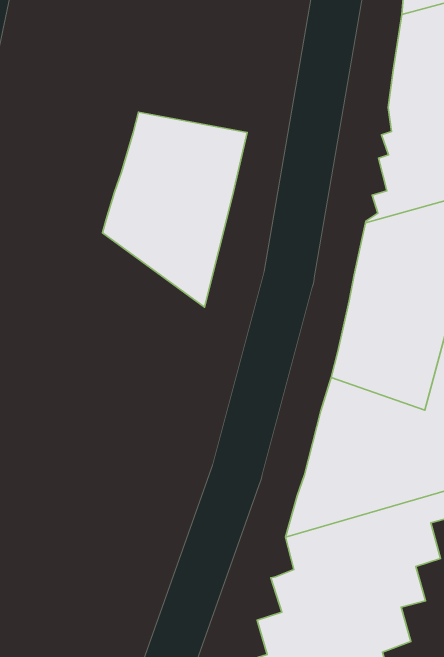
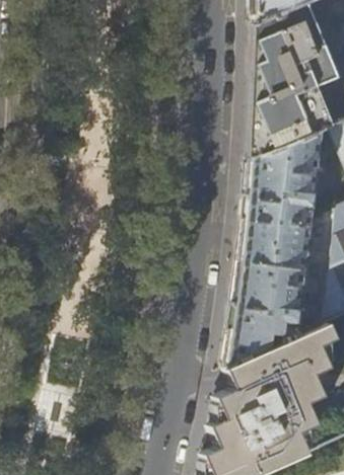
building: [102,112,247,307] -> none

